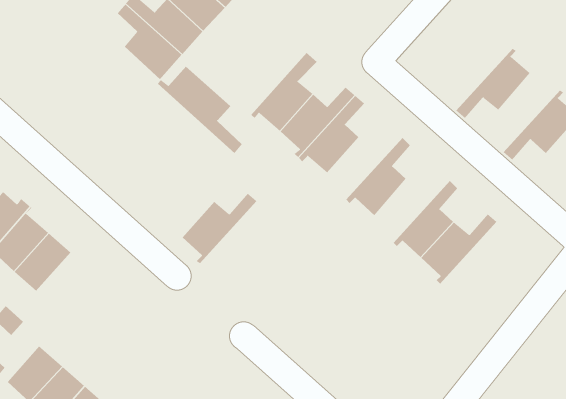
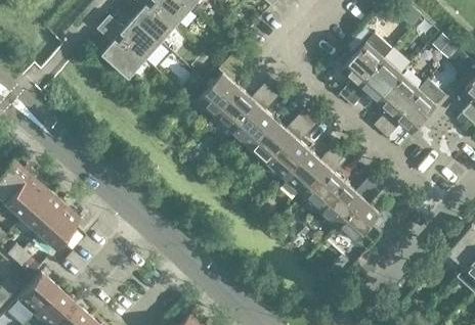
building: none -> [339,43,388,101]
building: [157,66,242,154] -> none
building: none -> [374,74,423,132]
building: none -> [287,146,342,198]
building: [182,193,257,264] -> [252,114,307,167]
building: none -> [335,183,394,241]
building: none -> [38,205,81,249]

